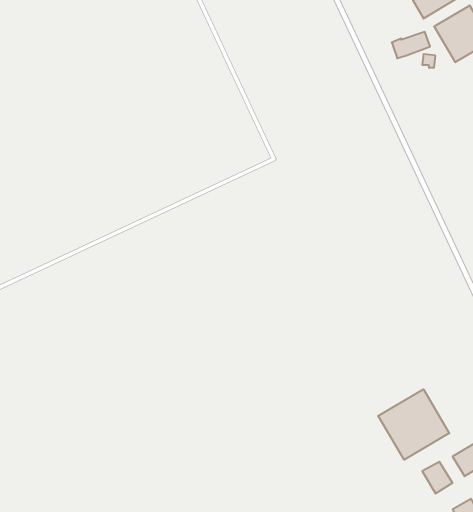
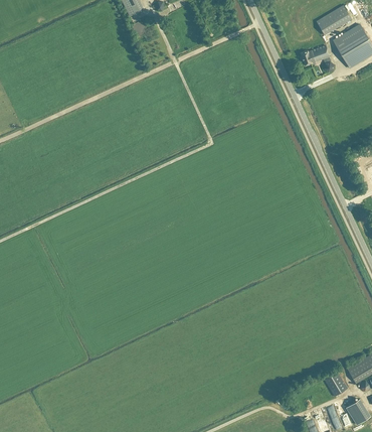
building: [378,389,449,460] -> none

